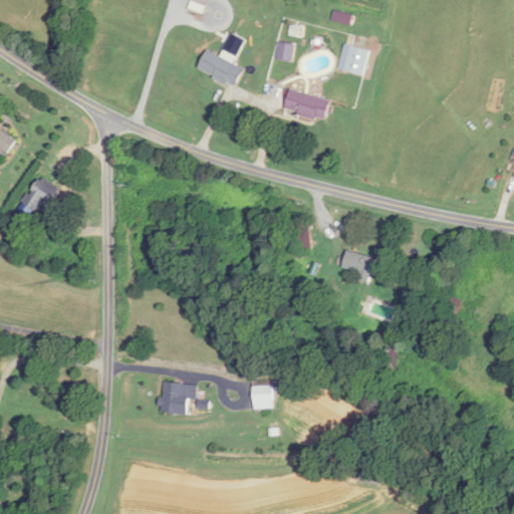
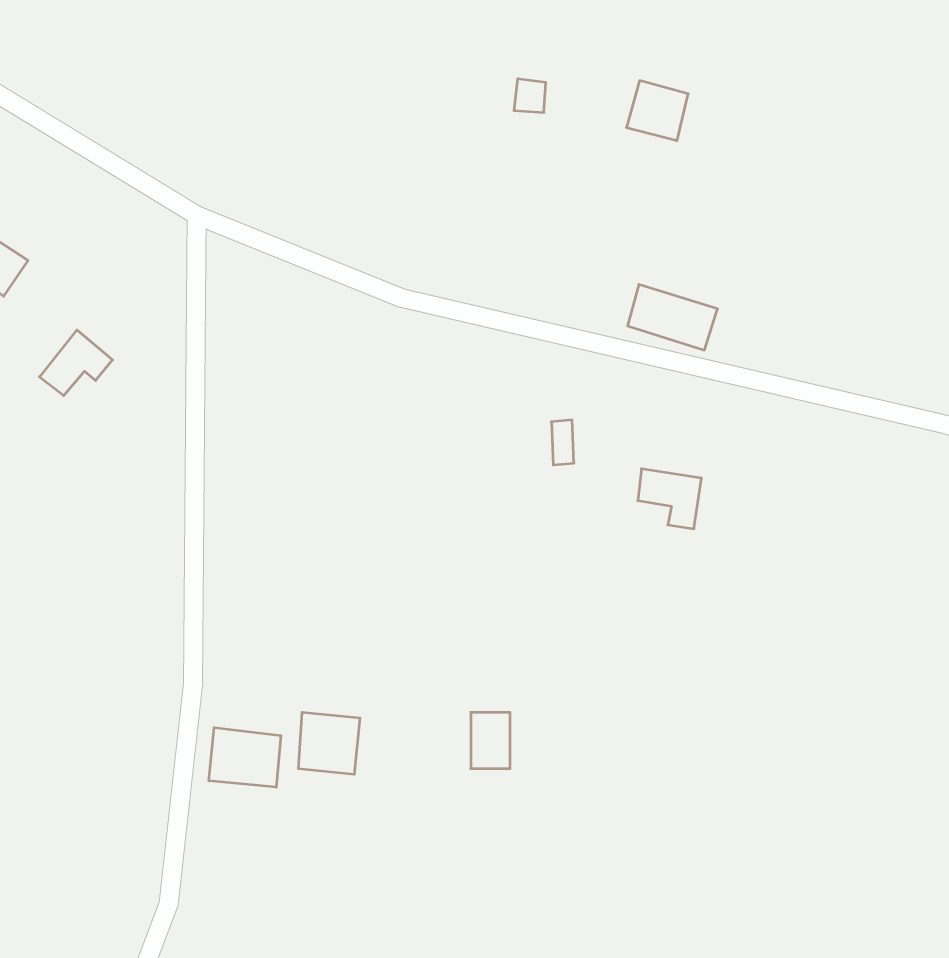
building: [197,50,244,87] -> none
building: [283,87,331,122] -> [628,284,718,350]
building: none -> [209,728,281,787]

